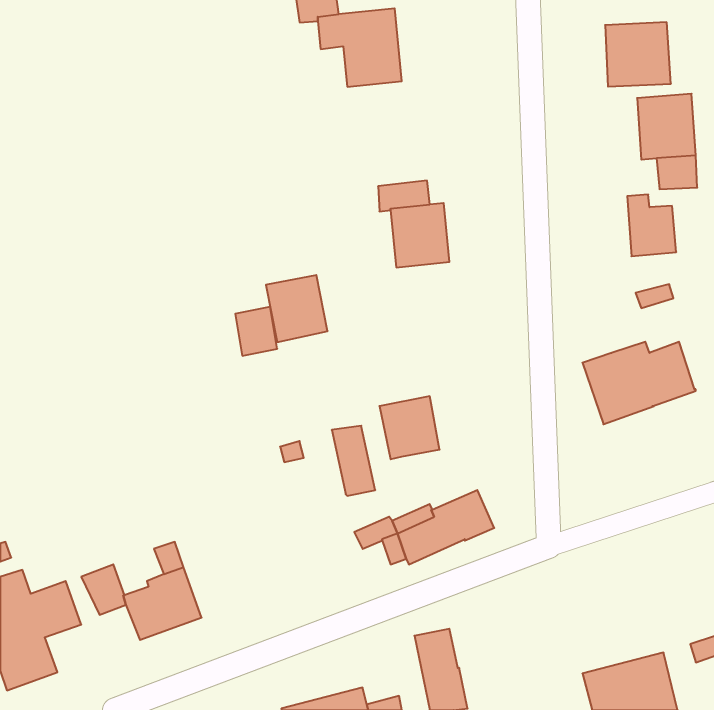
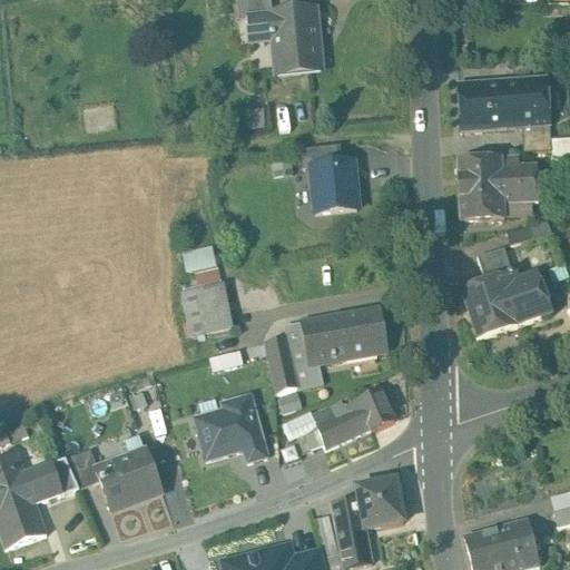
building: [605,22,671,87] -> [459,78,511,129]
building: none -> [458,156,504,222]
building: [266,275,328,342] -> [183,284,232,337]
building: none -> [480,246,514,281]
building: none -> [343,309,386,357]
building: none -> [286,323,325,390]
building: none -> [193,393,268,464]
building: none -> [357,481,405,531]

